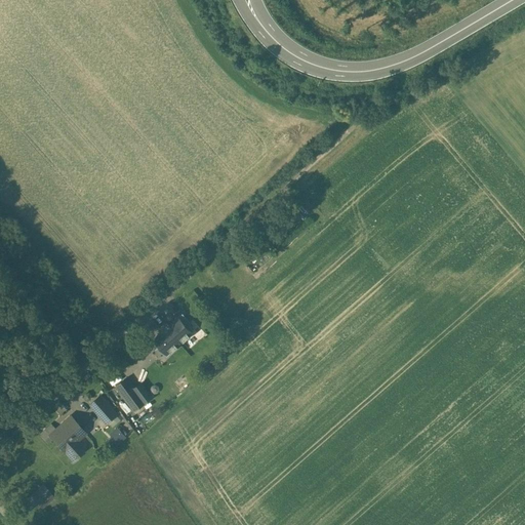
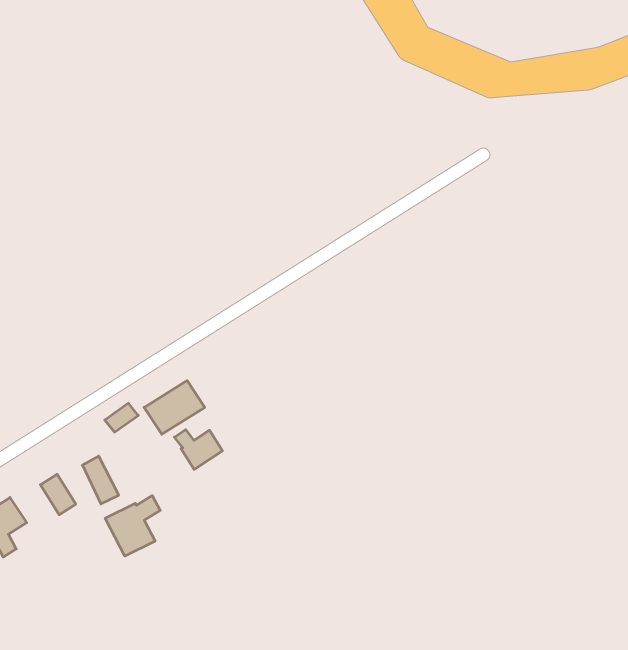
building: none -> [174,430,222,469]
building: none -> [105,496,160,556]

